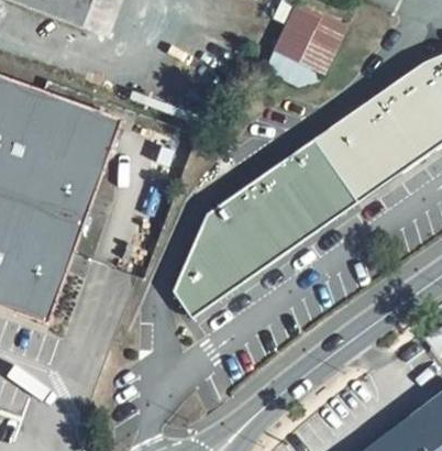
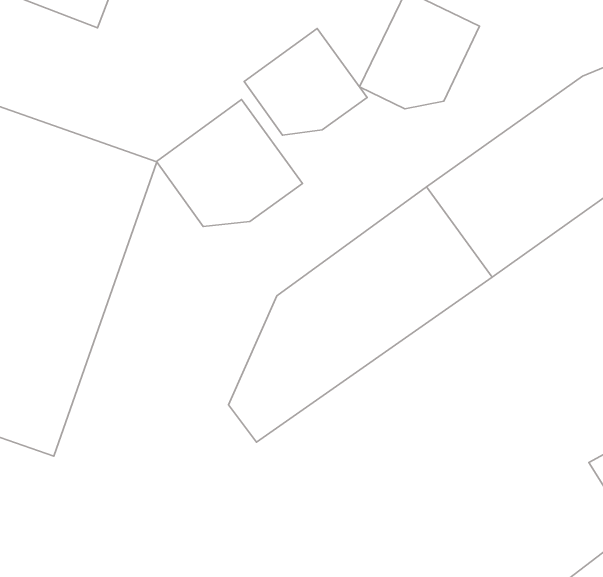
building: none -> [244,28,367,135]
building: none -> [157,100,302,227]

